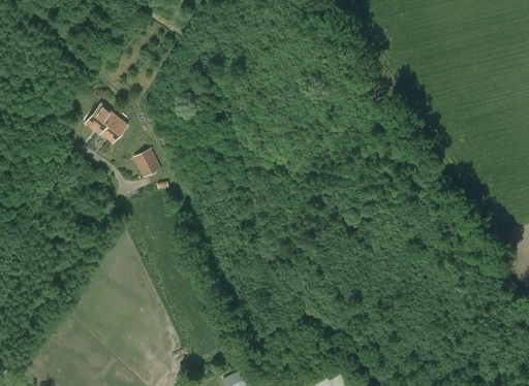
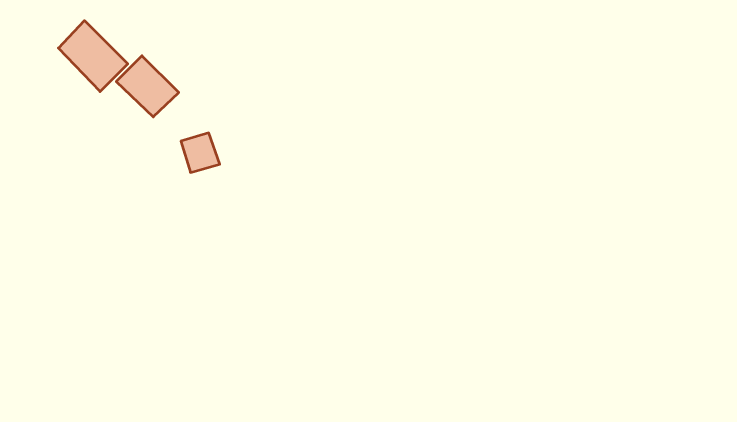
building: none -> [58,21,128,92]

